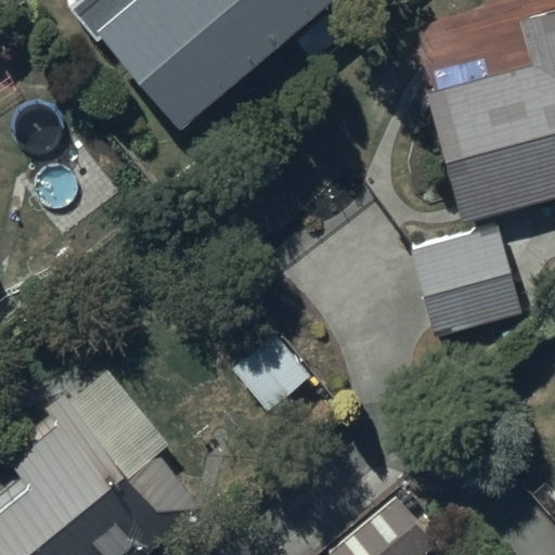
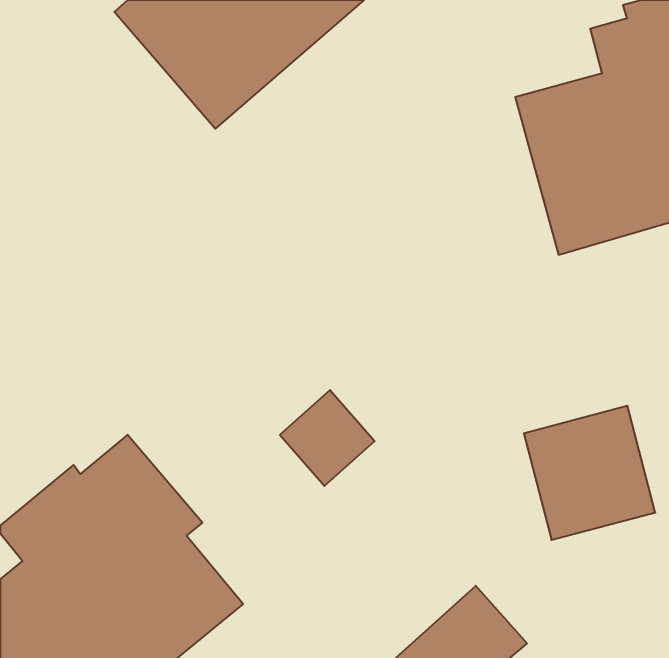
building: [412,228,520,338] -> [524,406,655,540]

